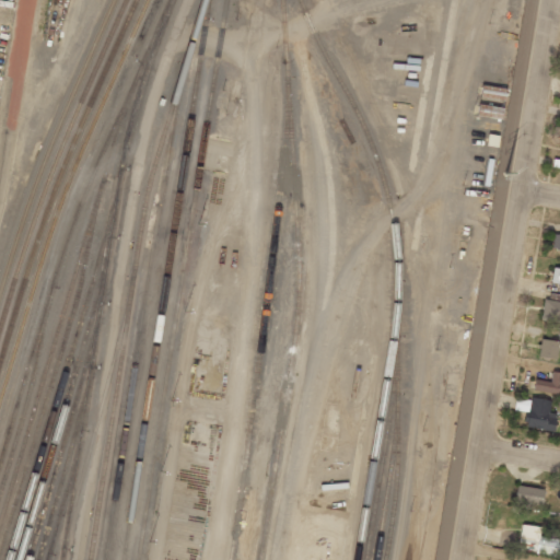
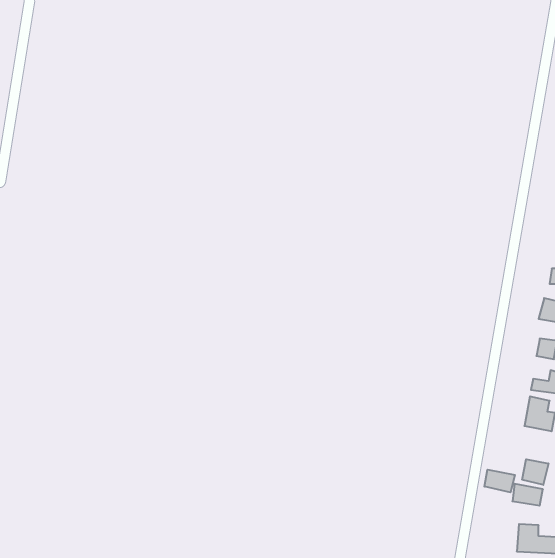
building: none -> [522,459,548,485]
building: none -> [484,470,515,492]

